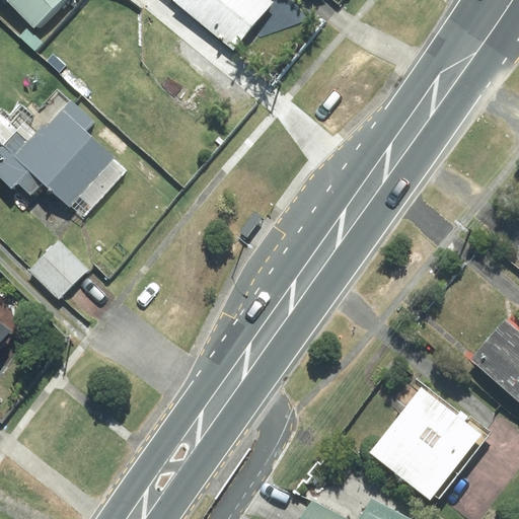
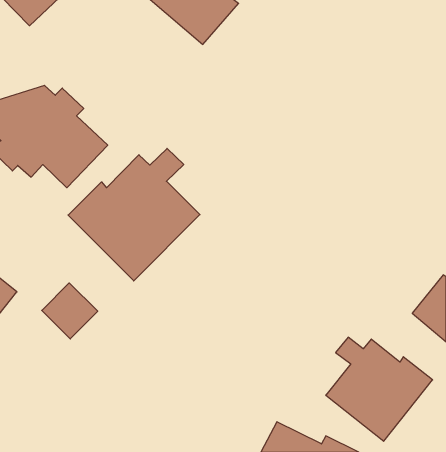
building: none -> [68,148,200,281]
building: [23,237,87,301] -> [42,283,98,339]

